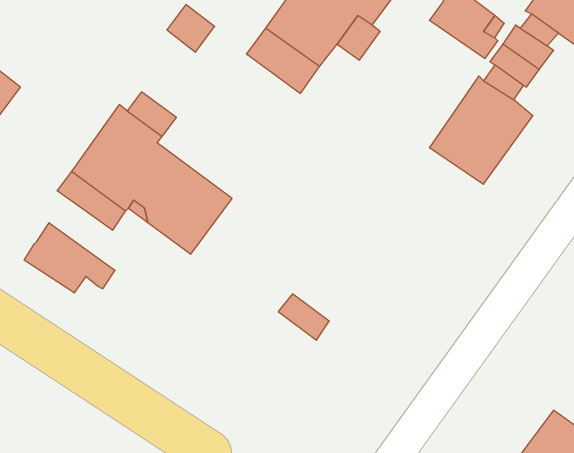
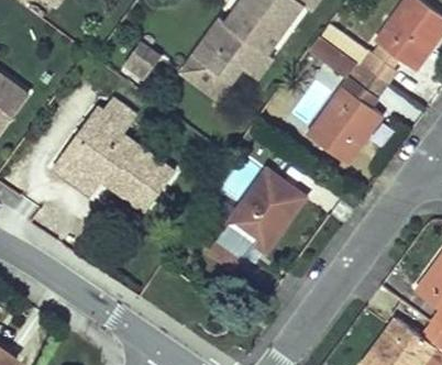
building: none -> [225,169,302,252]
building: [24,223,115,293] -> none

